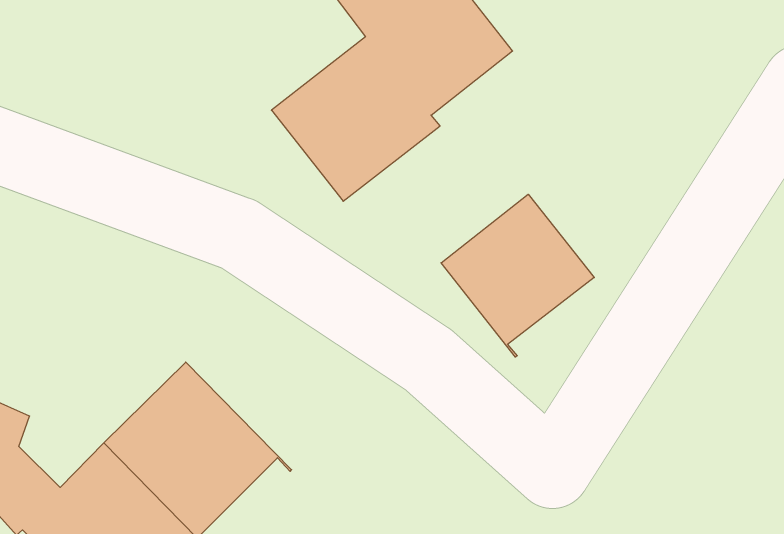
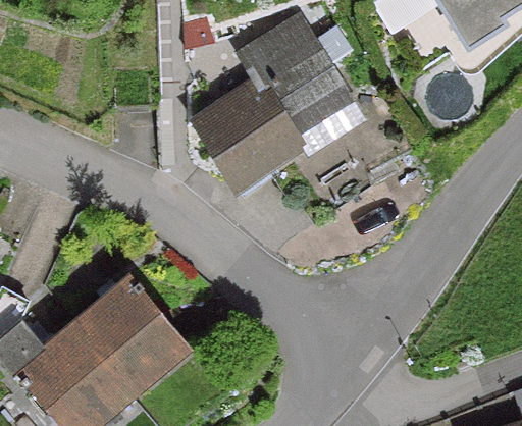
building: [441,194,594,357] -> none

